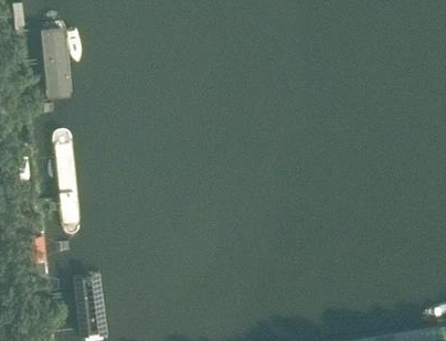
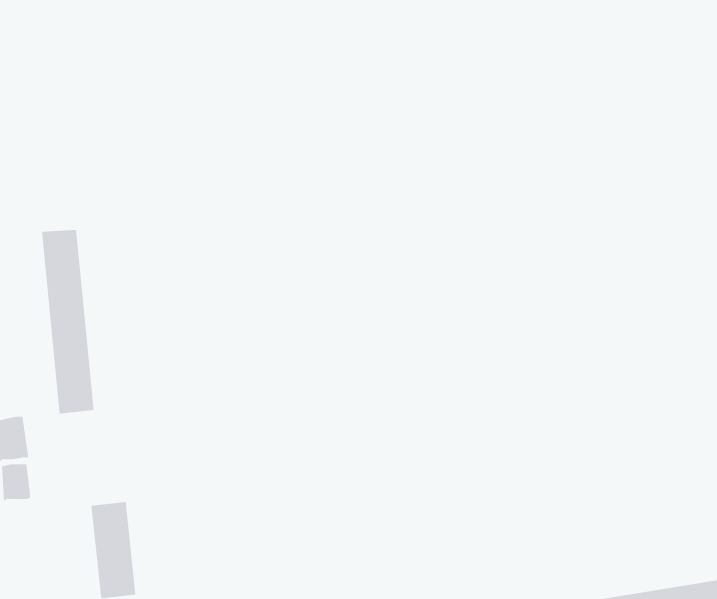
building: [41,20,73,100] -> none

